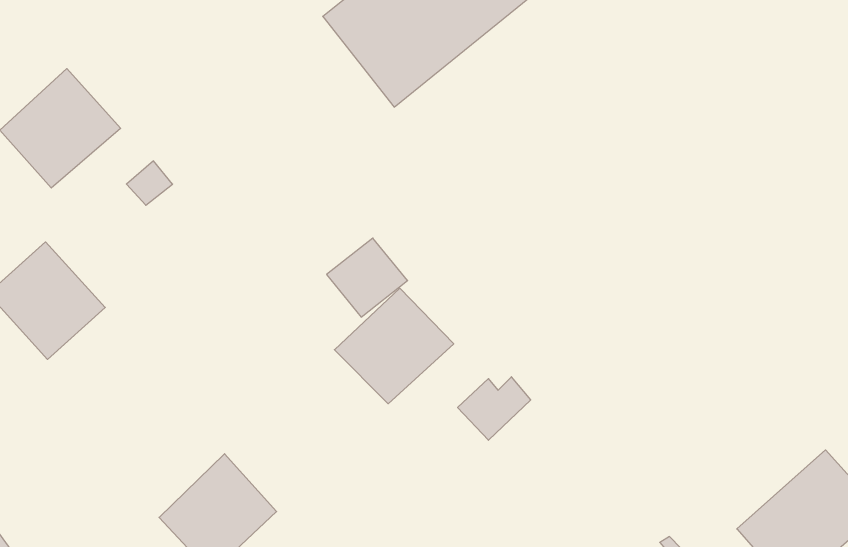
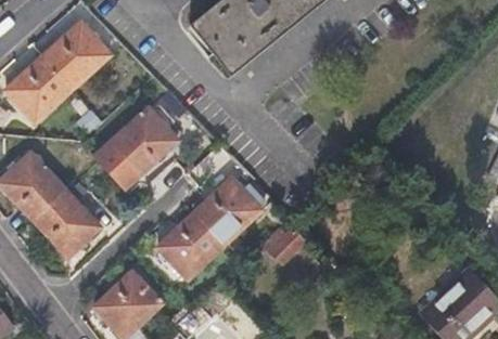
building: none -> [43,23,111,89]
building: none -> [94,108,178,188]
building: none -> [33,190,100,257]
building: none -> [159,213,225,278]

